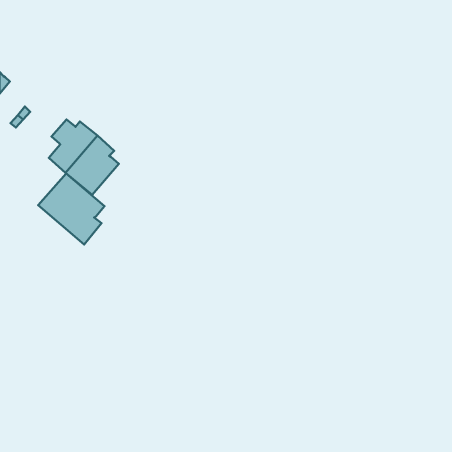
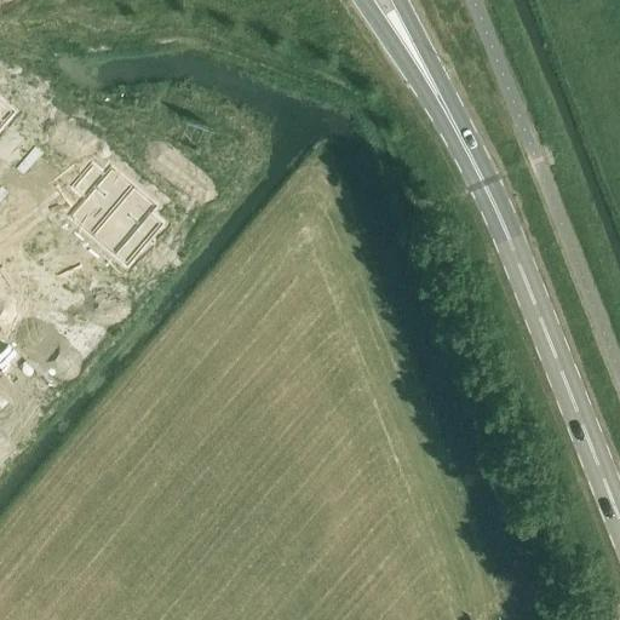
building: [38,173,104,244] -> none

